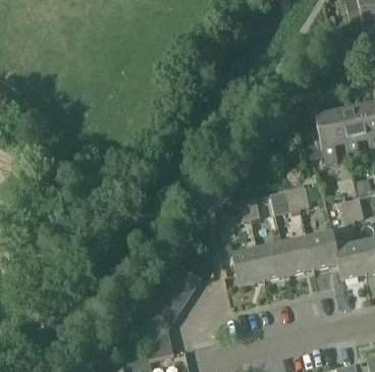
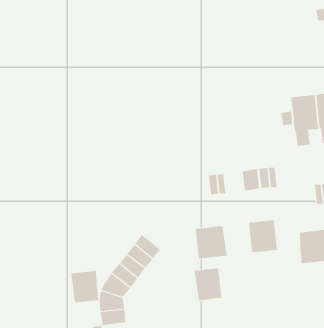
building: [309,232,336,267] -> none
building: [259,243,289,277] -> [194,268,222,301]
building: none -> [71,270,99,303]

